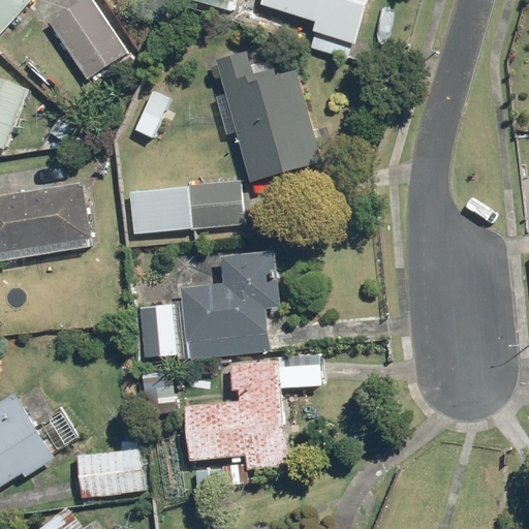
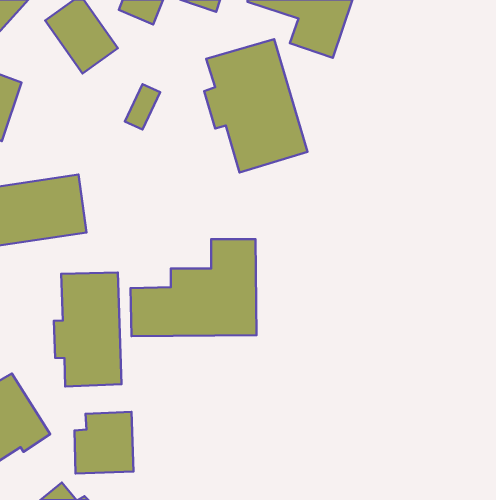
building: [129,183,241,231] -> none
building: none -> [54,273,122,386]
building: [186,363,288,473] -> none

